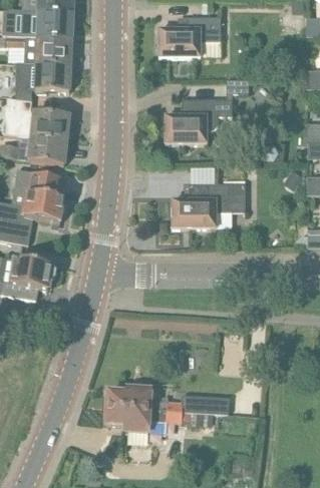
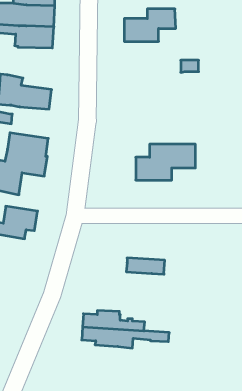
building: [14,62,69,99] -> none
building: [165,97,232,142] -> none
building: [27,136,65,165] -> none
building: [182,395,229,415] -> [126,258,165,274]

